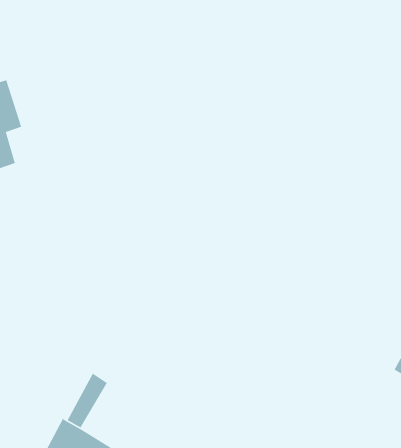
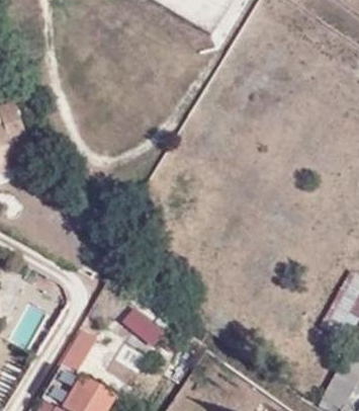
building: none -> [117,303,164,345]

